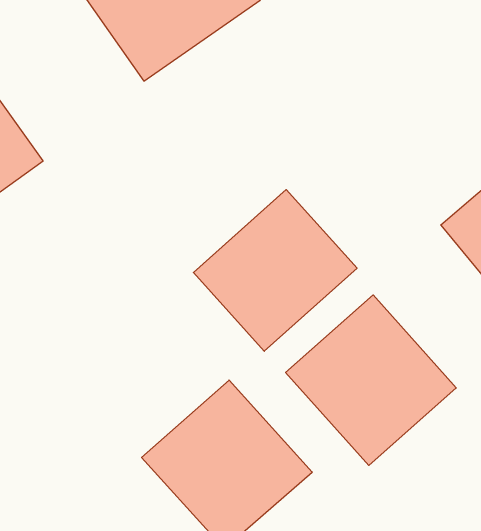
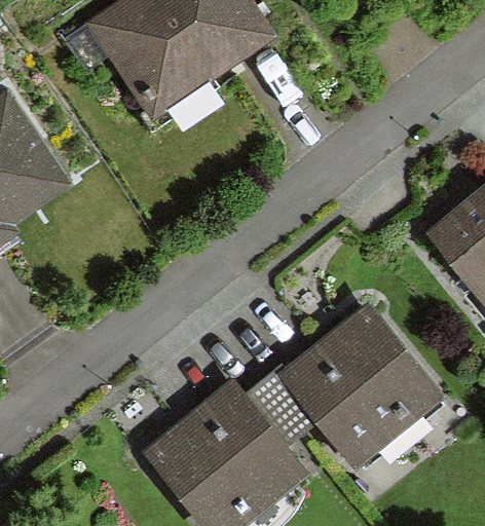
building: [193,190,357,351] -> none

